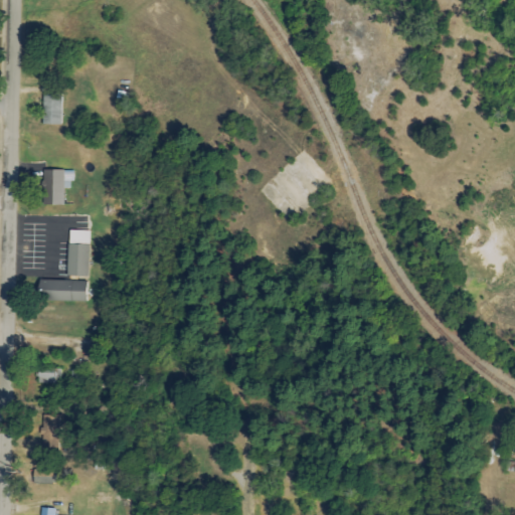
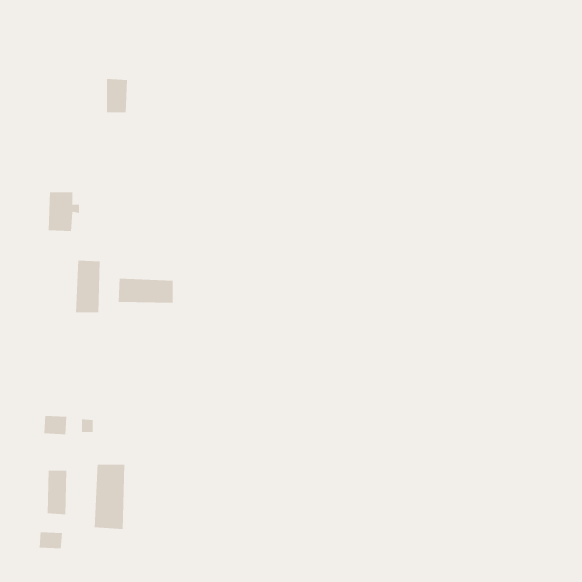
building: [43,94,62,124] -> [106,79,128,113]
building: [38,279,88,301] -> [118,278,174,303]
building: none -> [94,464,125,530]

